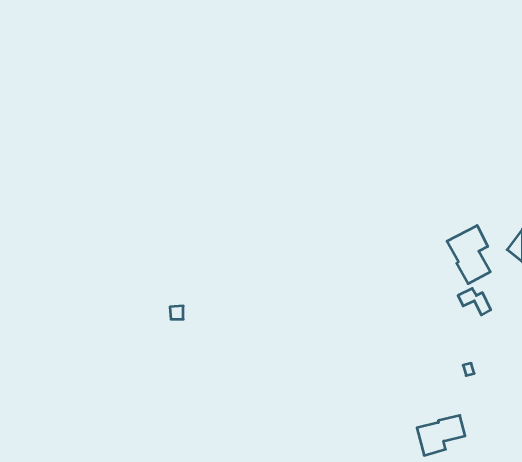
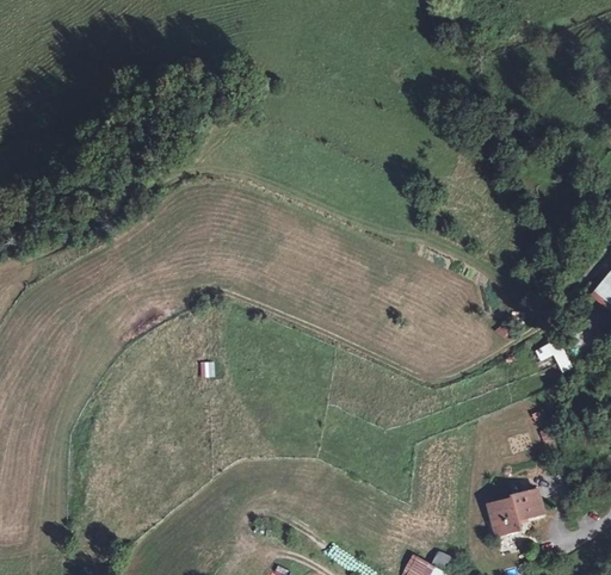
building: [447,225,490,284] -> none

